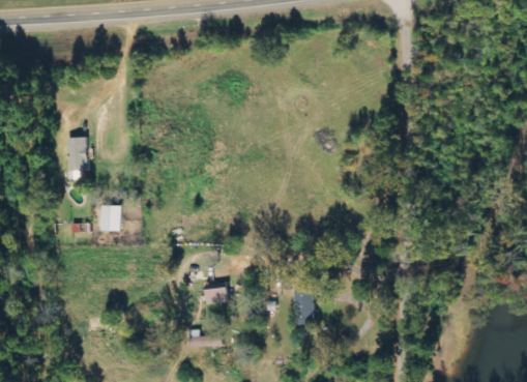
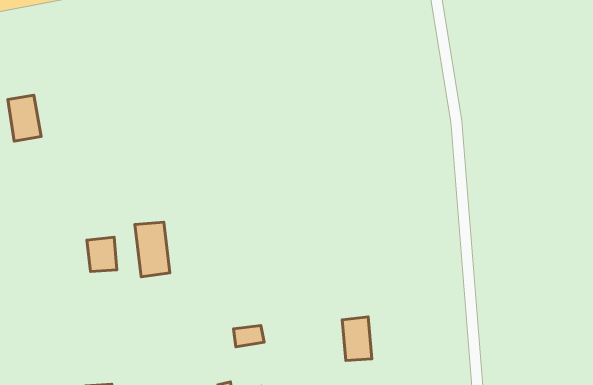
building: [66,138,89,172] -> [8,95,41,141]
building: none -> [135,222,170,277]

